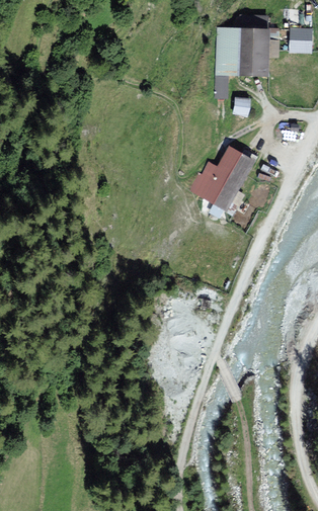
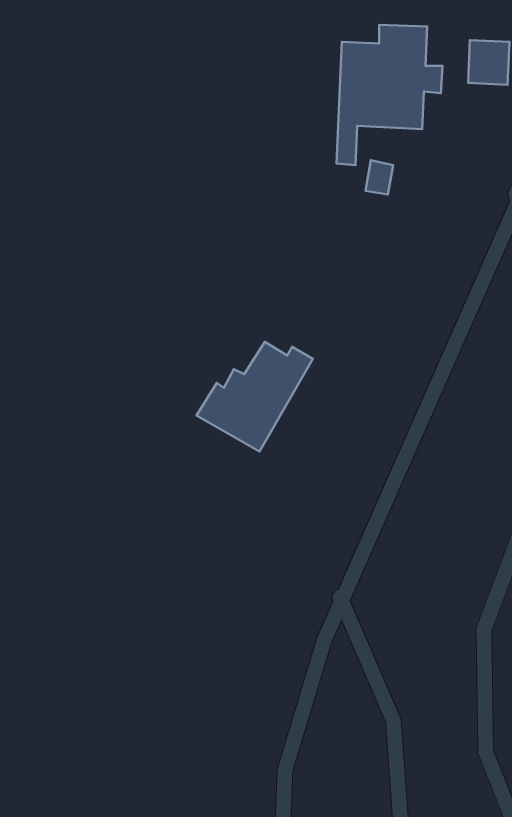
building: [186,148,255,212] -> [196,342,313,451]

